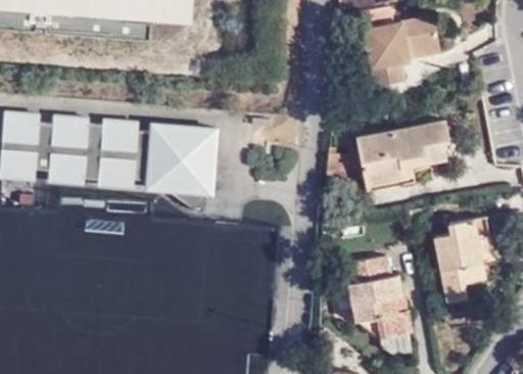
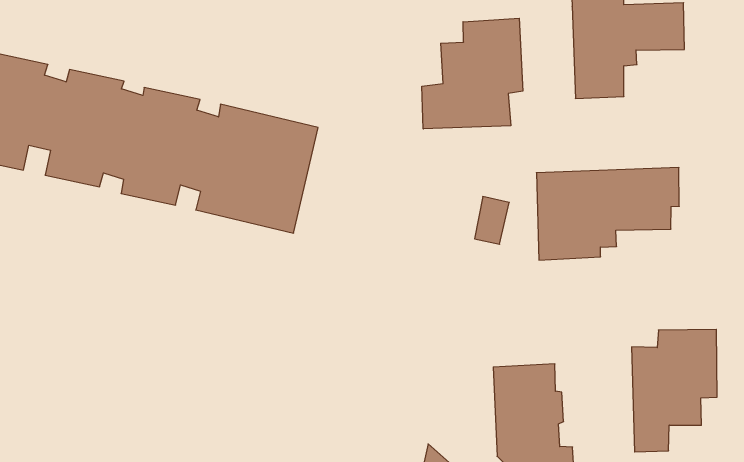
building: none -> [422,18,523,129]

